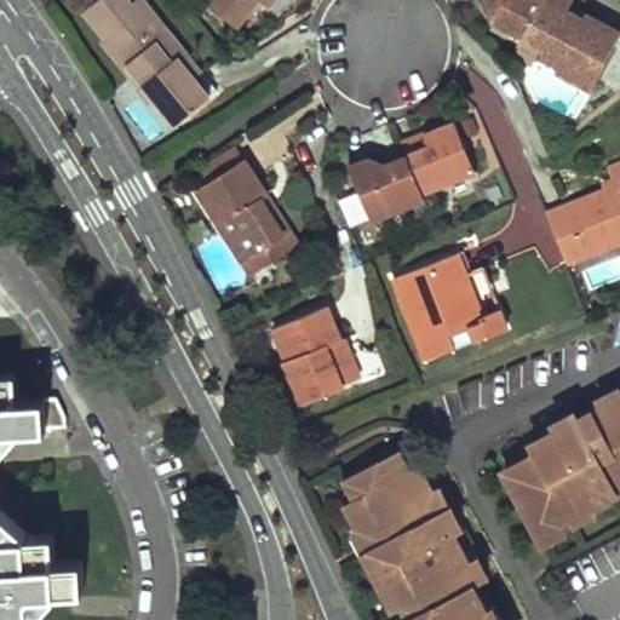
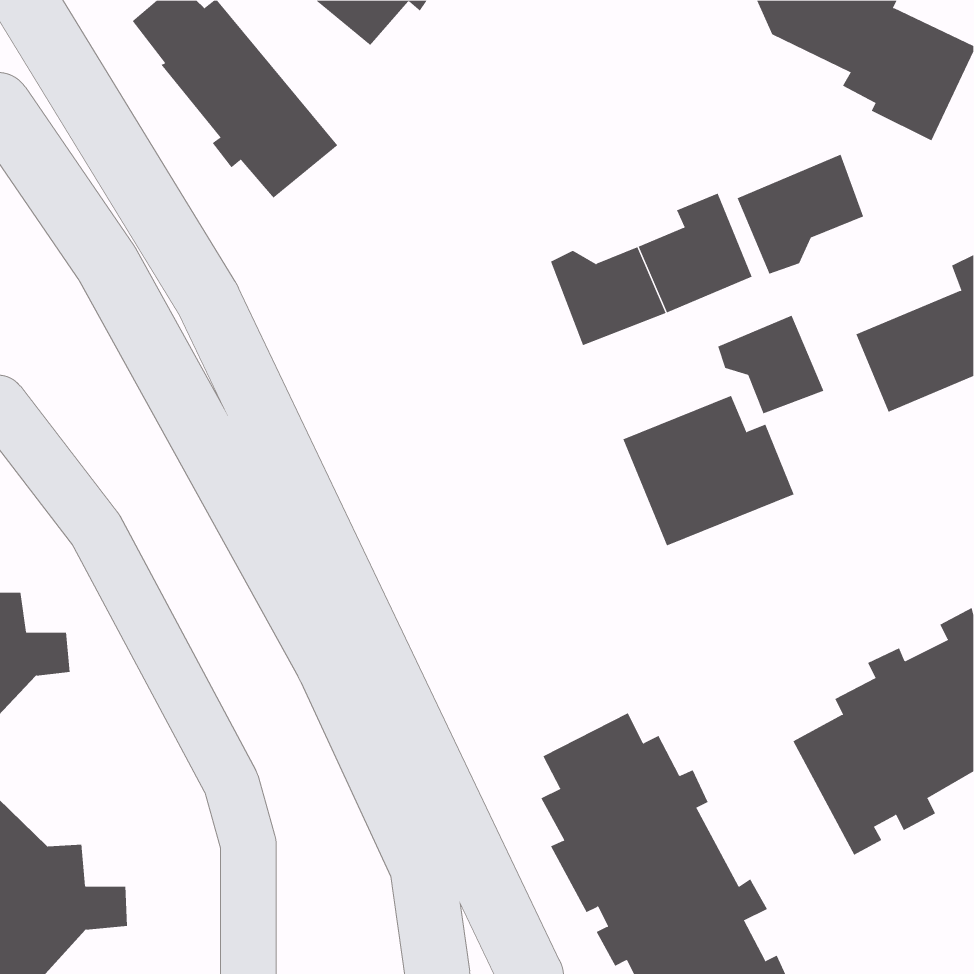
building: none -> [737,154,864,274]
building: [185,149,297,276] -> none
building: none -> [718,315,824,414]
building: [275,309,357,402] -> none

